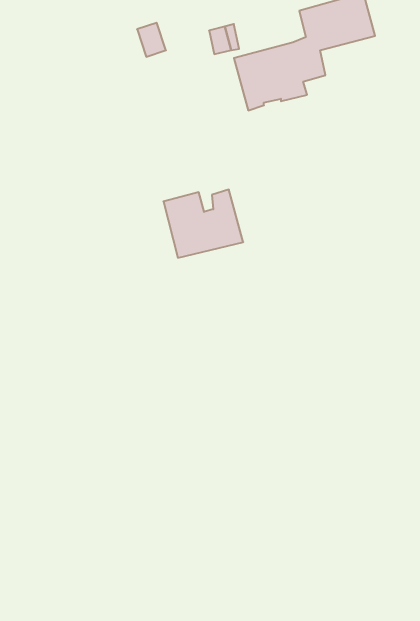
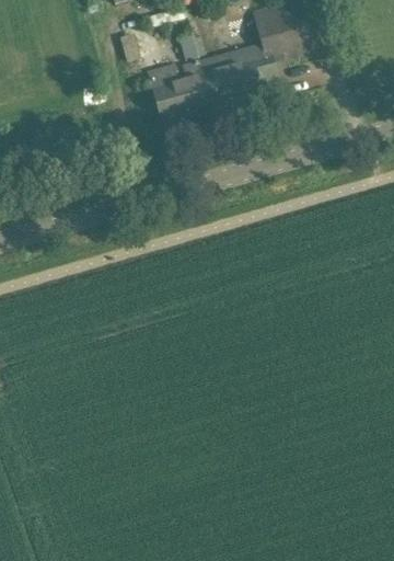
building: [163,190,243,258] -> [143,59,210,116]

